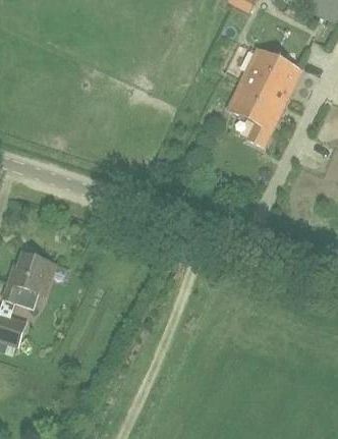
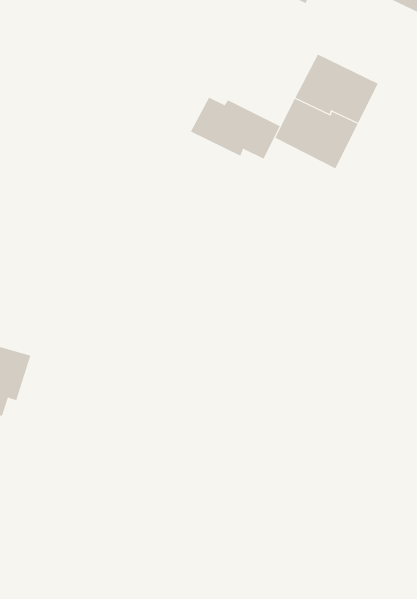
building: none -> [190,97,280,159]

